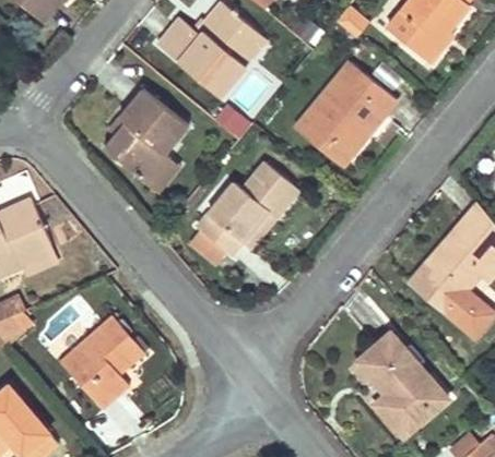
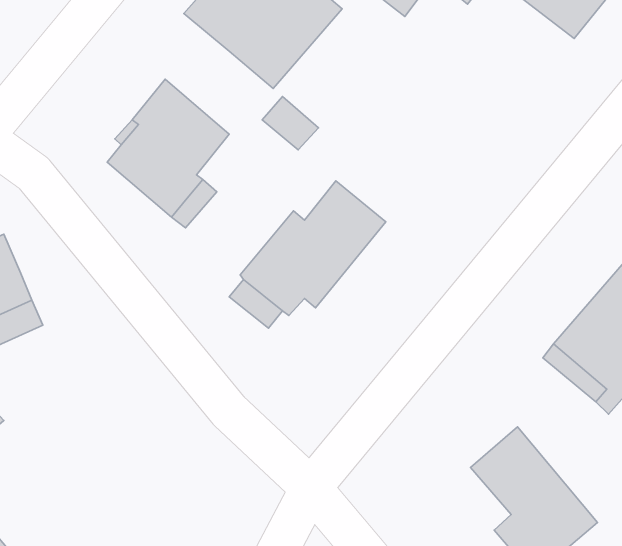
building: [295,61,397,166] -> none
building: [59,314,143,408] -> none

